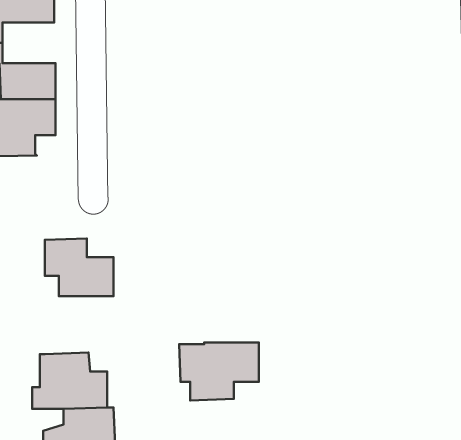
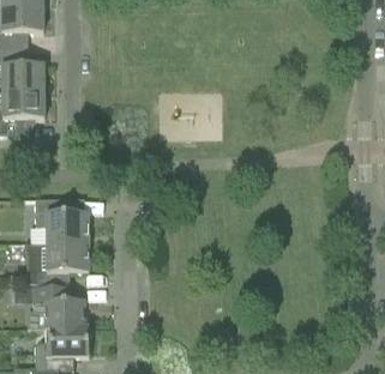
building: [179,343,259,400] -> [28,242,89,286]

